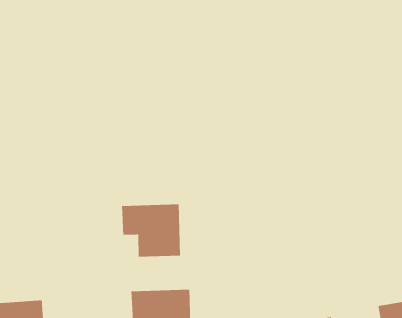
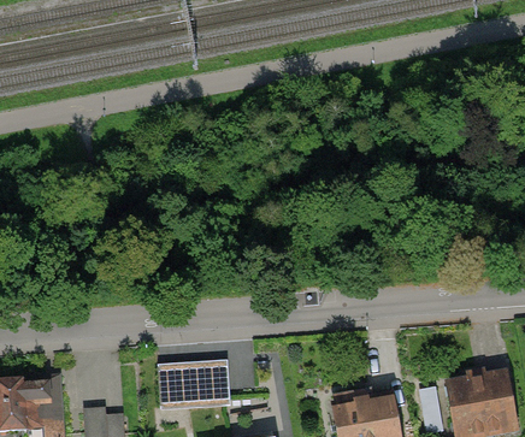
building: [121,203,181,257] -> none

